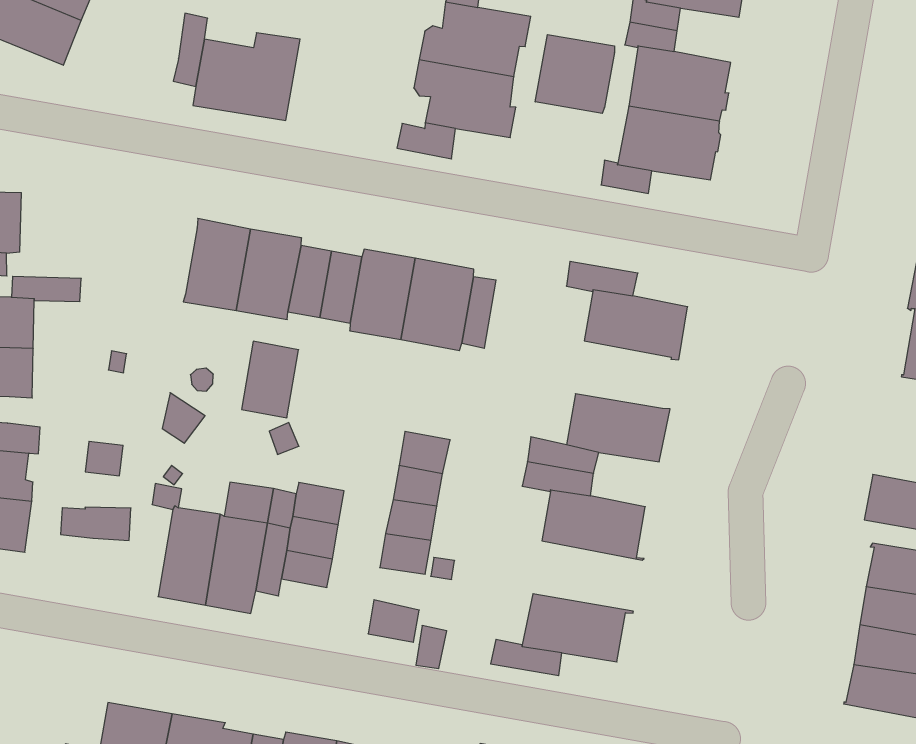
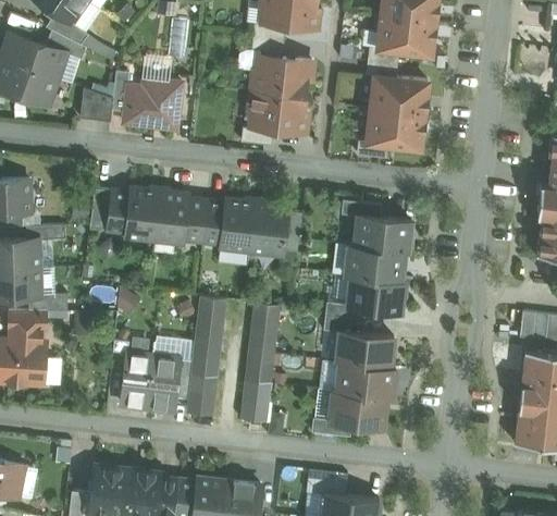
building: [535,35,614,113] -> none
building: none -> [79,87,113,121]
building: none -> [89,188,129,231]
building: none -> [346,243,404,280]
building: [242,341,299,418] -> [196,295,226,337]
building: [61,507,131,540] -> [28,293,67,311]
building: none -> [333,359,394,396]
building: none -> [187,390,215,416]

